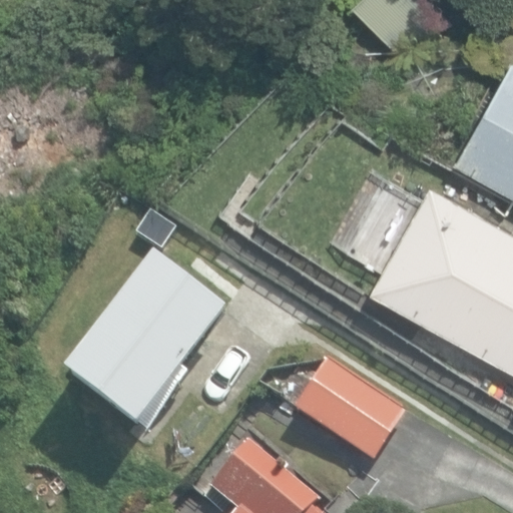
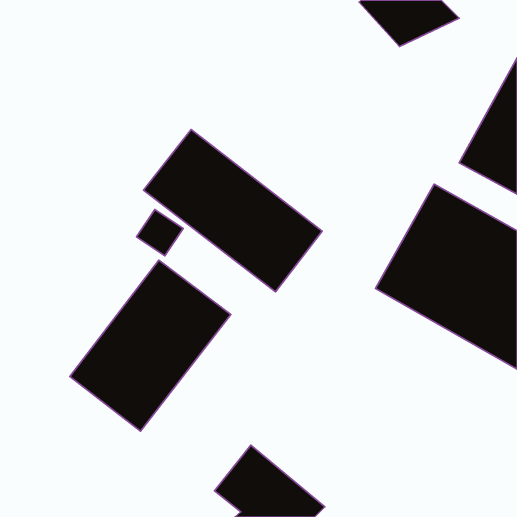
building: none -> [144,130,322,292]
building: [298,360,408,461] -> none

